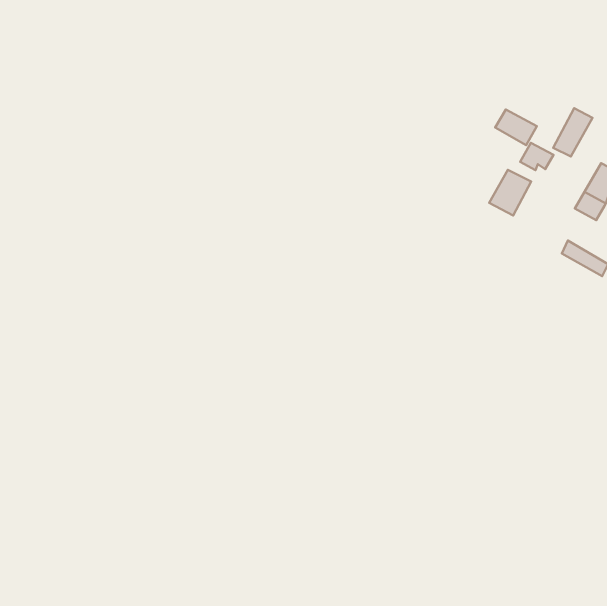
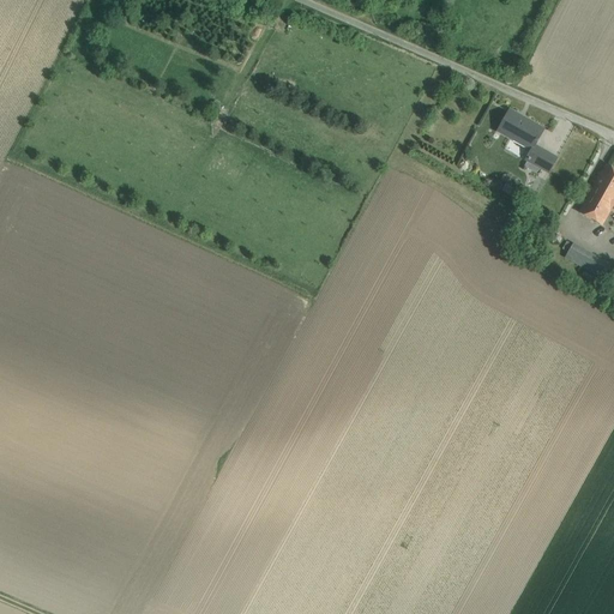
building: [553,108,592,156] -> none
building: [489,170,531,216] -> none

